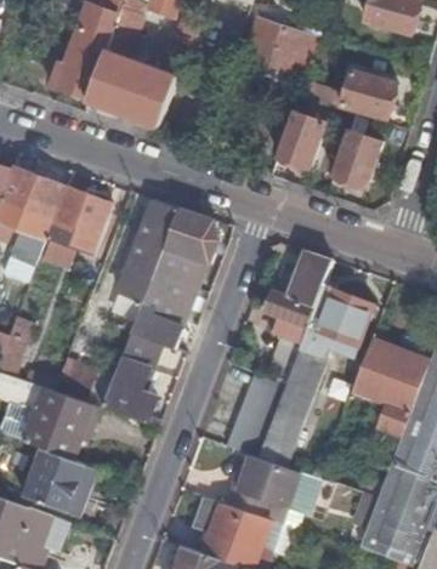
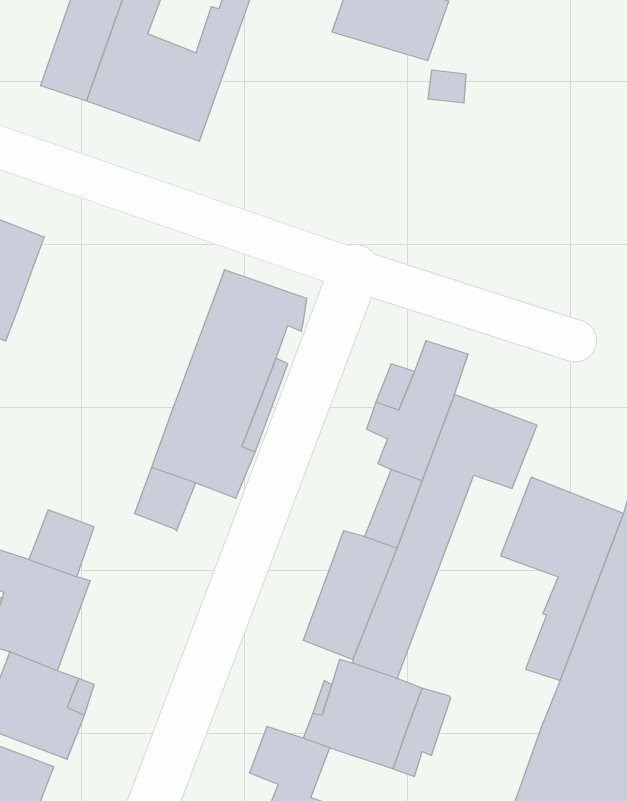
building: [340,70,396,118] -> none
building: [276,109,325,166] -> none
building: [331,130,380,187] -> none
building: [42,186,108,251] -> none
building: [117,199,175,297] -> none
building: [100,360,153,422] -> none

